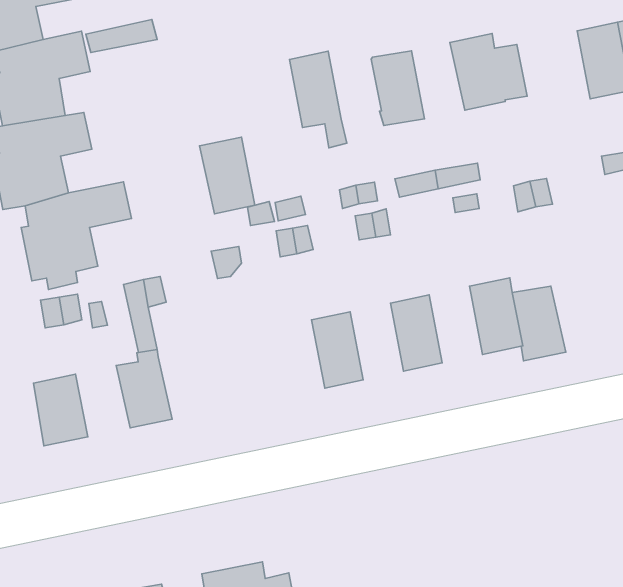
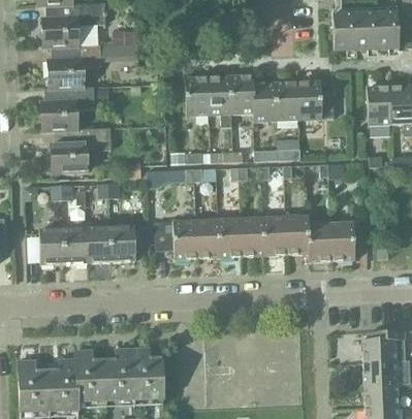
building: none -> [231,74,255,114]
building: none -> [277,82,300,121]
building: [199,137,255,214] -> [186,76,211,116]
building: none -> [331,222,356,260]
building: none -> [264,216,288,255]
building: none -> [220,218,244,257]
building: none -> [156,220,199,259]
building: none -> [112,225,136,261]
building: none -> [65,227,90,263]

